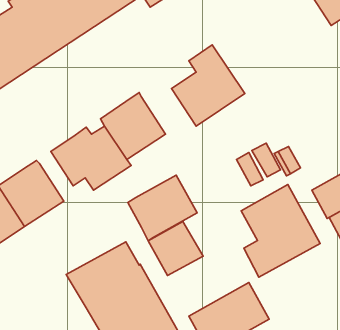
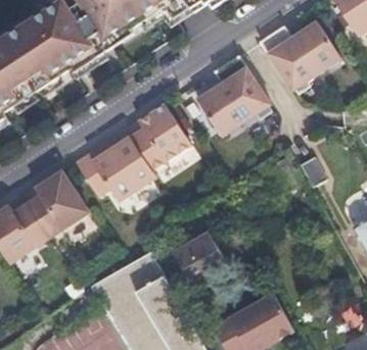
building: none -> [259,20,340,91]
building: [128,175,197,241] -> none
building: [241,184,320,277] -> none

